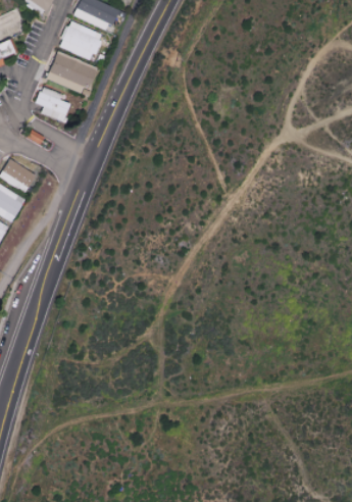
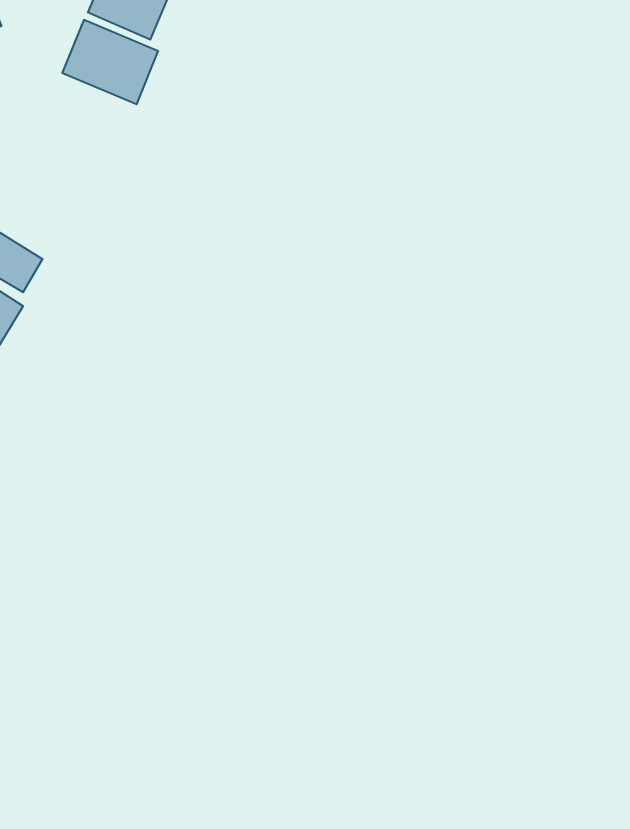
building: [37,87,69,120] -> none

